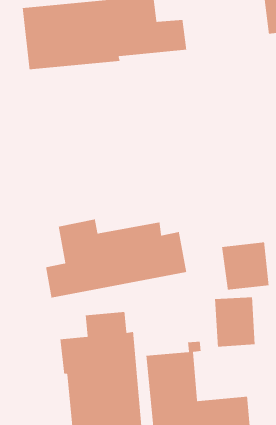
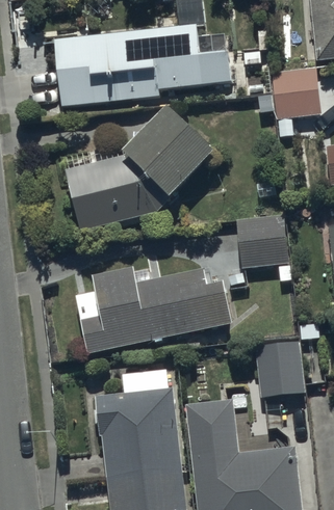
building: none -> [271,71,320,139]
building: none -> [63,100,212,229]
building: [221,242,270,291] -> [237,211,289,264]

